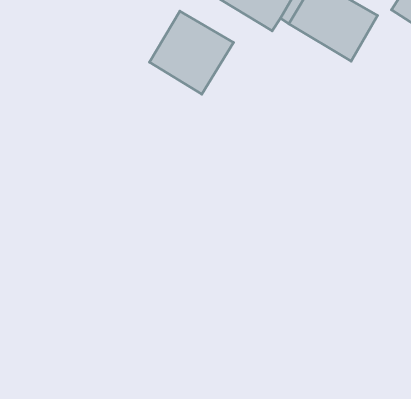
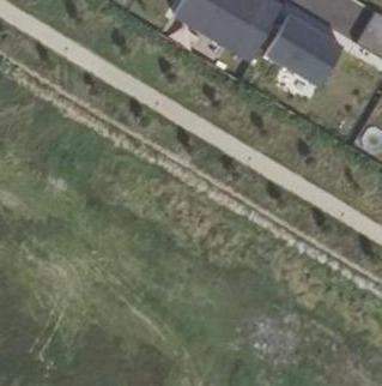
building: [150,11,234,94] -> none

